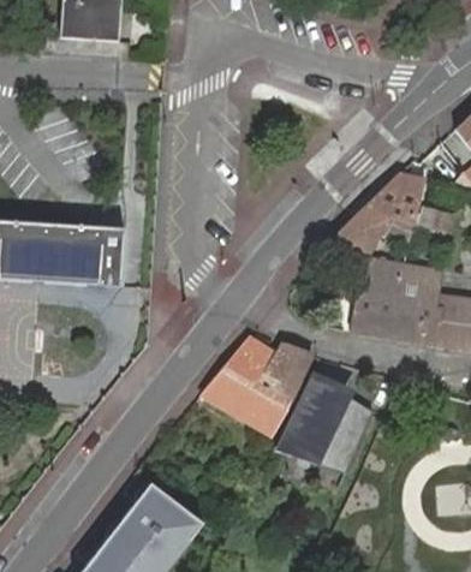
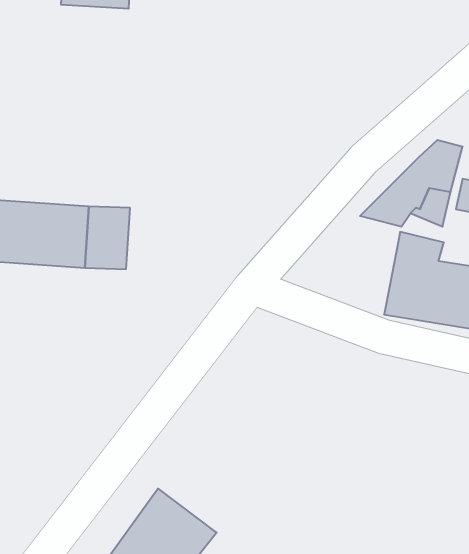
building: [202,336,311,433] -> none
building: [279,373,370,472] -> none

